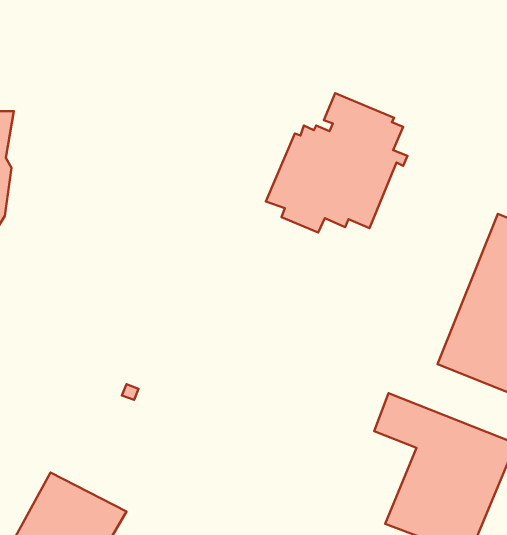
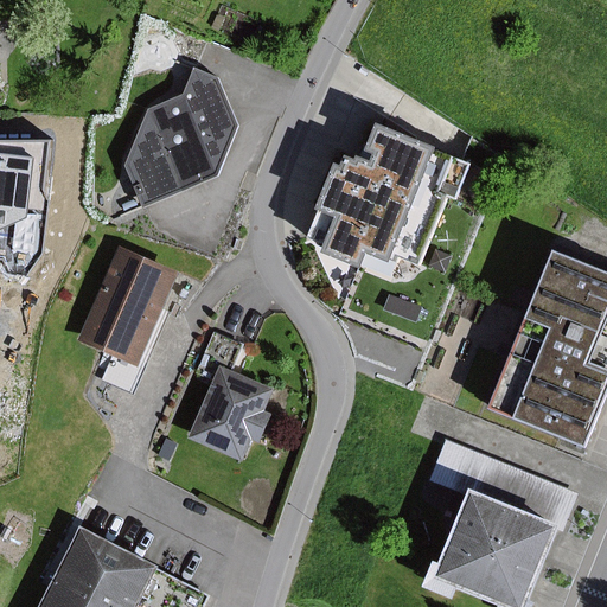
building: none -> [120,65,237,210]
building: none -> [74,244,177,394]
building: none -> [183,331,270,461]

